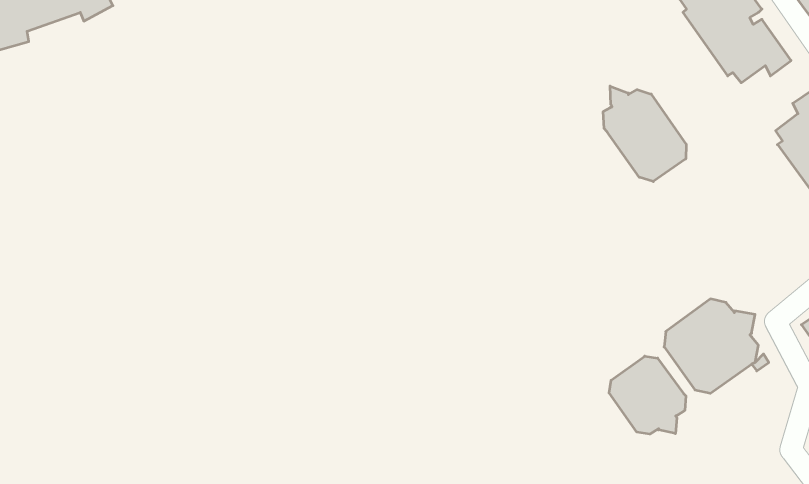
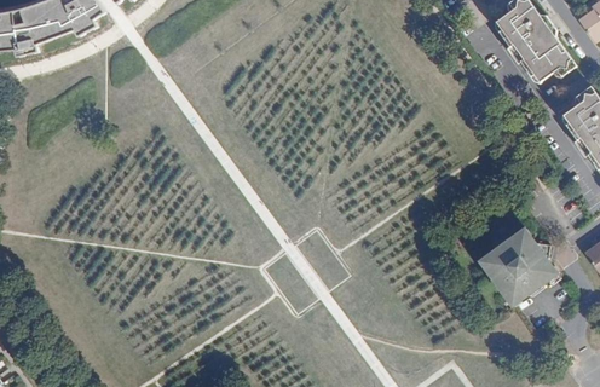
building: [603,86,686,182] -> none
building: [609,356,686,434] -> none

